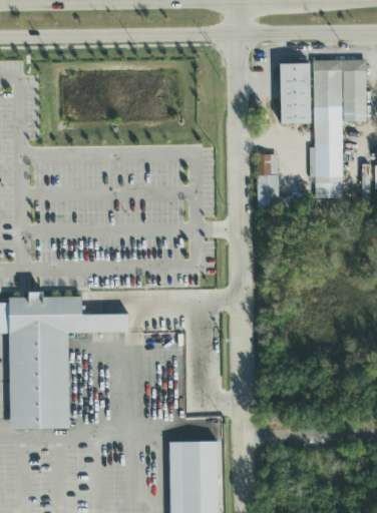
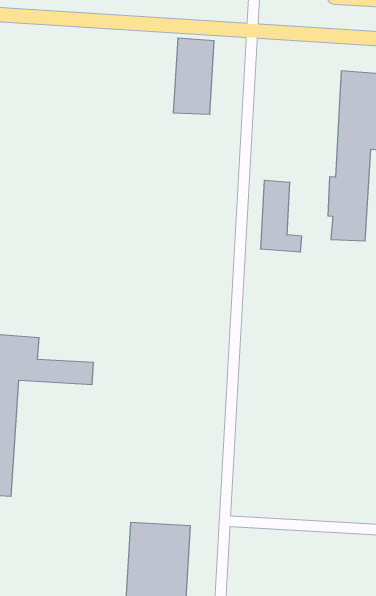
building: [280,63,311,124] -> [173,38,214,114]

